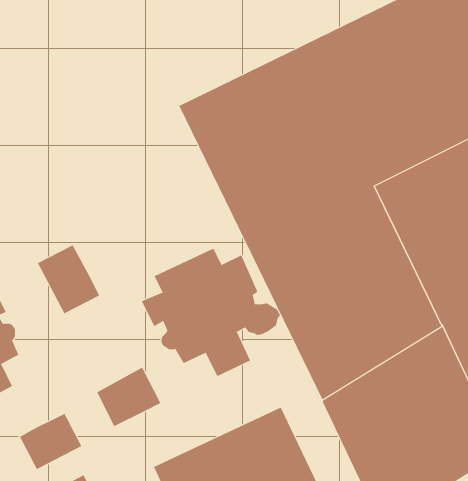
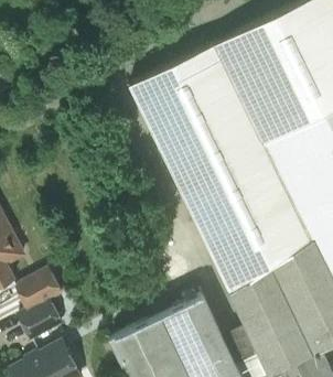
building: [37,244,100,314] -> none
building: [141,248,281,377] -> none
building: [97,367,161,427] -> [15,270,61,312]

